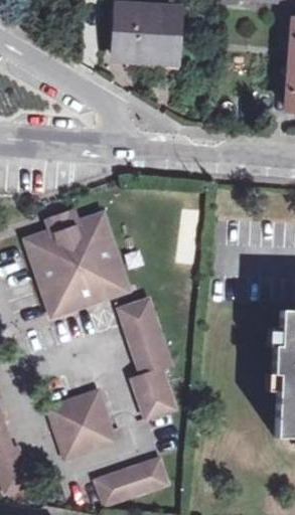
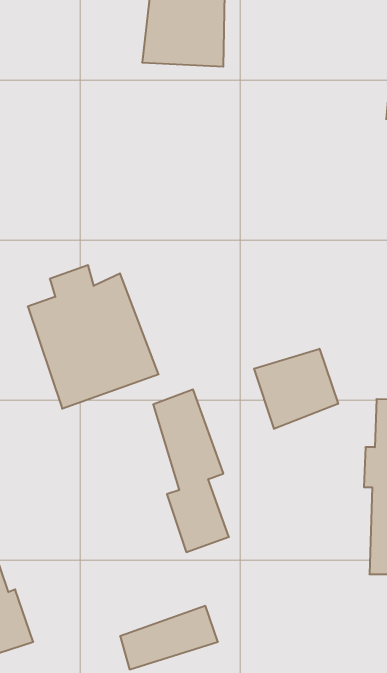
building: none -> [254,349,338,429]
building: [44,389,114,460] -> none

